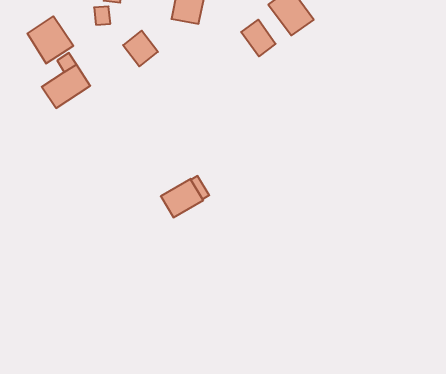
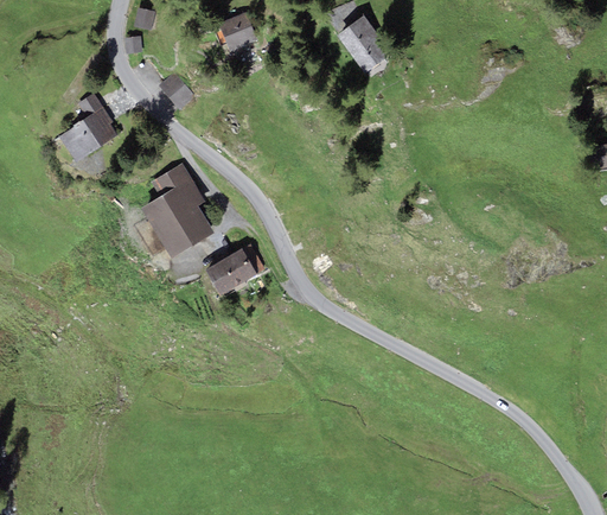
building: [27,16,73,64] -> none
building: [241,20,276,56] -> none
building: none -> [141,164,213,256]

